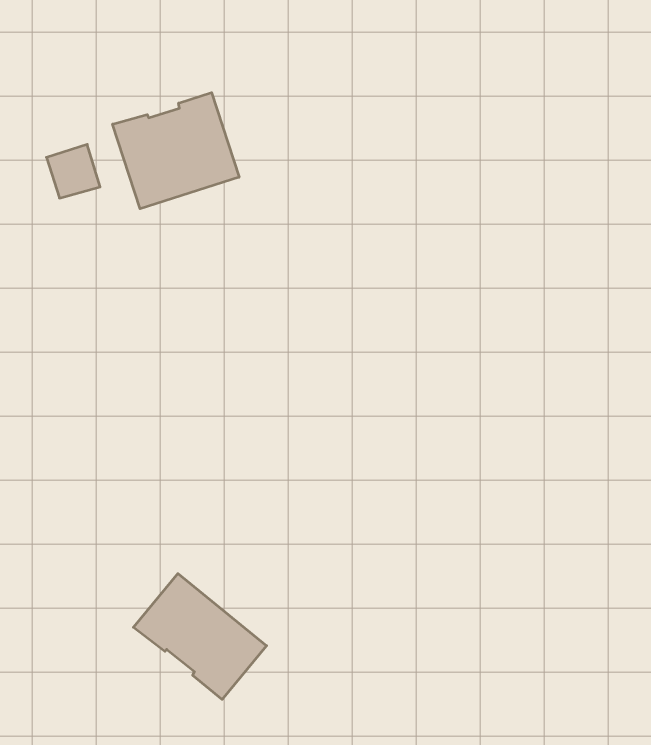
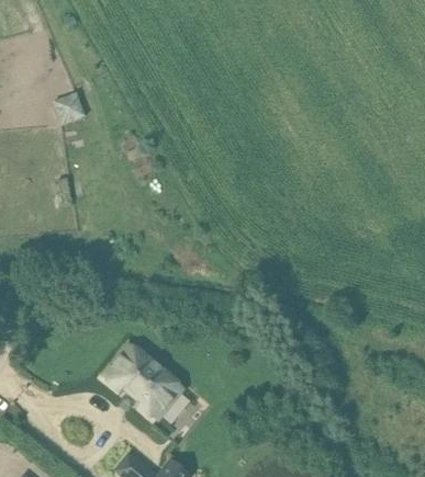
building: [113,93,239,209] -> none

